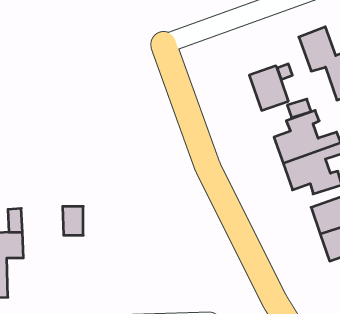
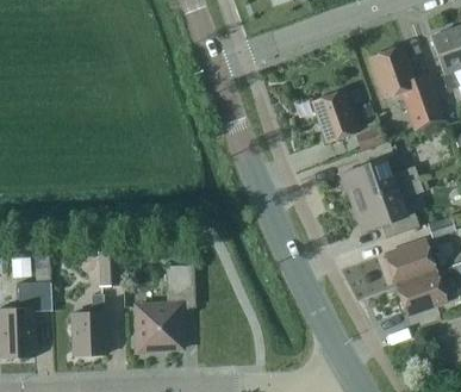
building: none -> [135,265,195,353]
building: none -> [73,294,106,355]

